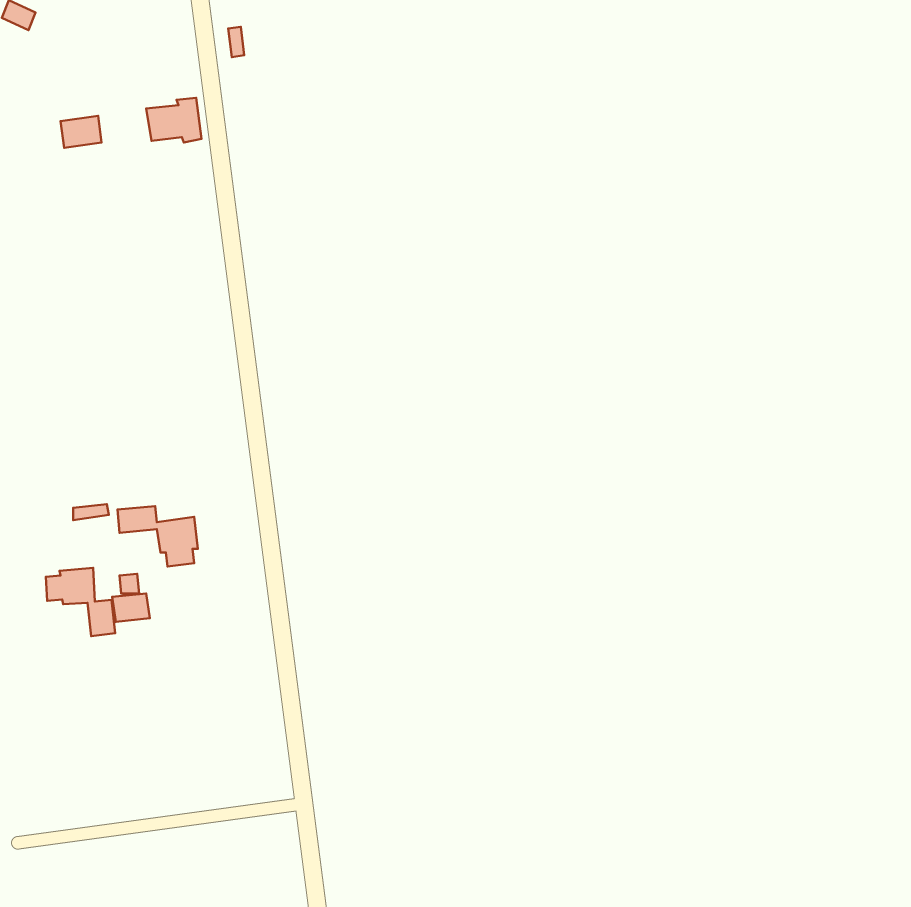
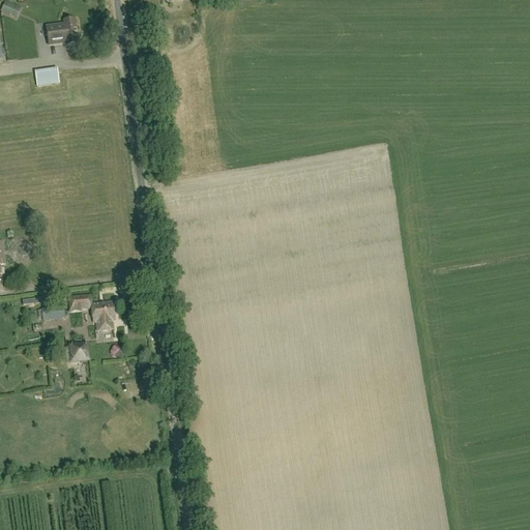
building: [146,98,202,142] -> [46,19,78,45]
building: [46,568,115,636] -> none

